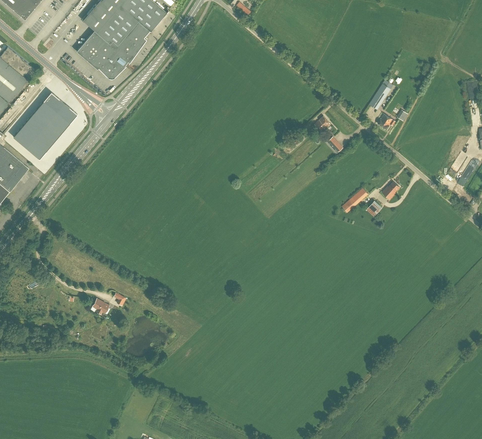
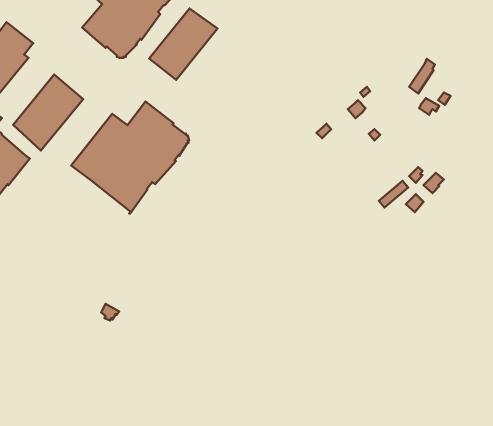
building: none -> [149,8,218,80]
building: none -> [71,101,189,214]

